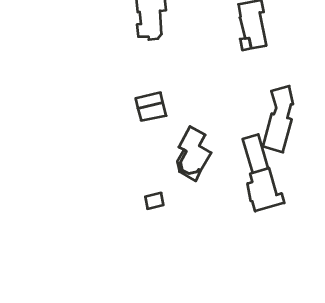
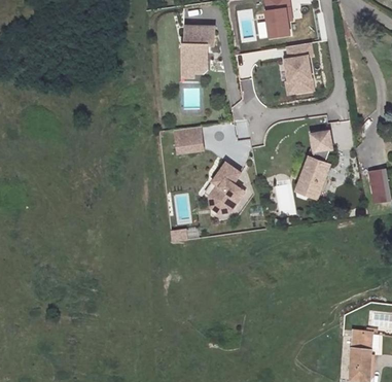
building: [248,168,284,211] -> none

